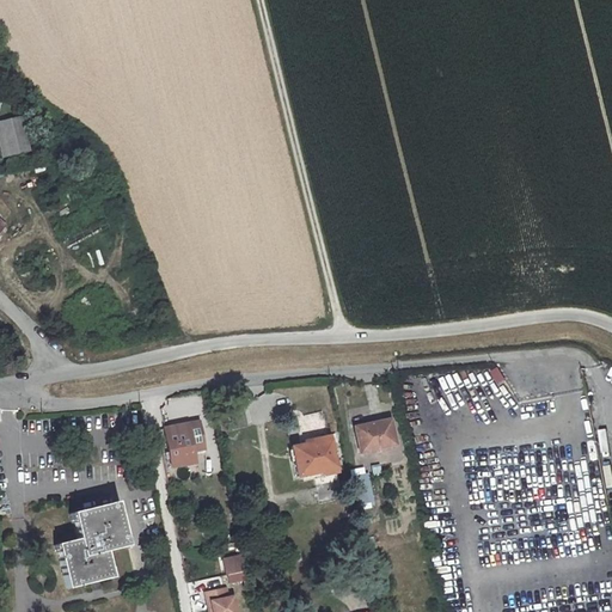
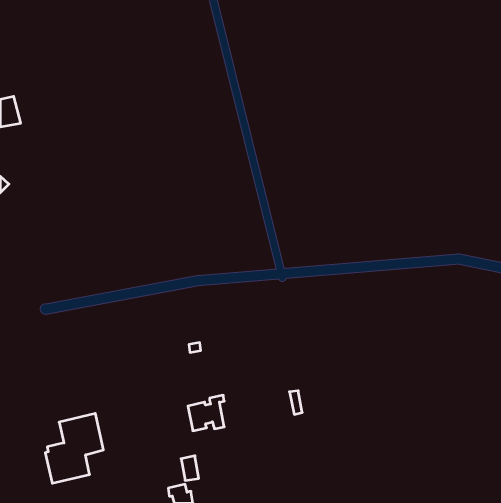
building: [356,420,397,452] -> none
building: [166,422,206,467] -> none
building: [294,434,338,477] -> [188,395,224,431]

